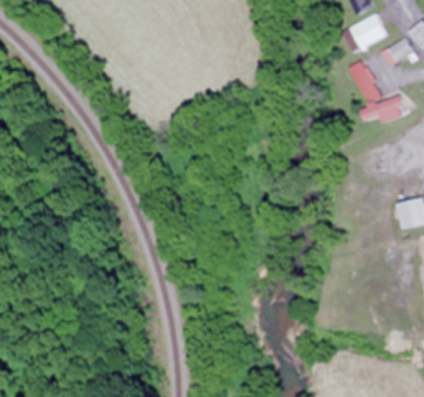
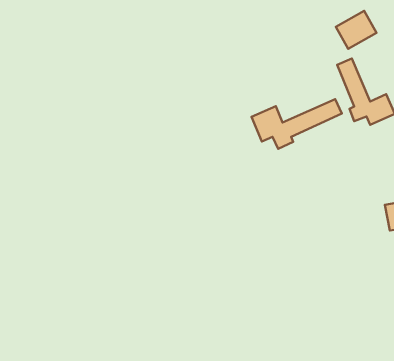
building: none -> [251,99,342,149]

